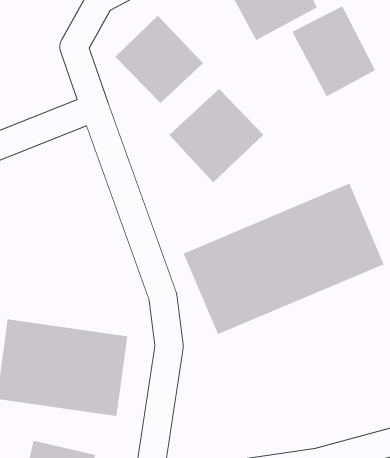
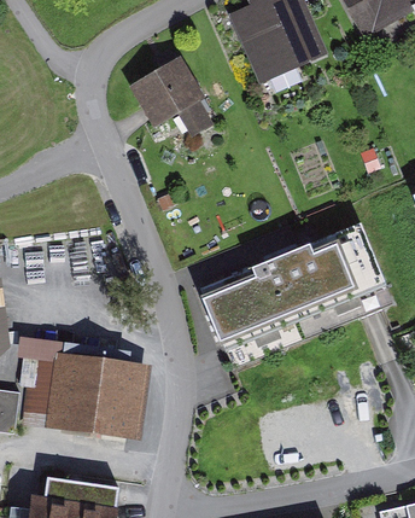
building: [292,6,376,97] -> none
building: [168,88,264,183] -> none

